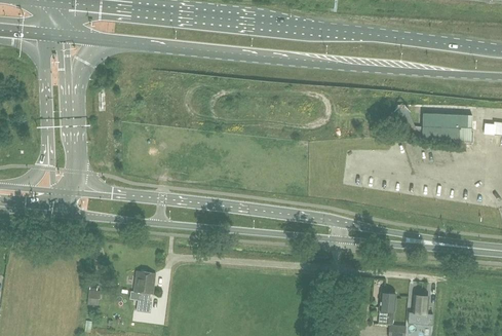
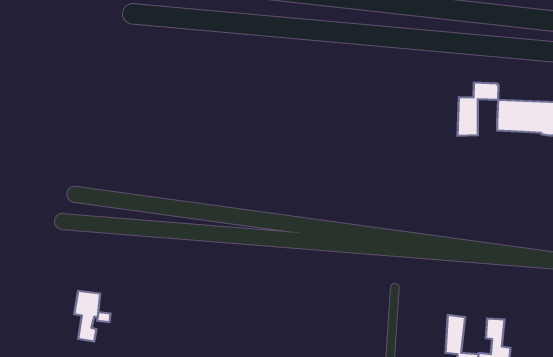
building: none -> [457,82,499,136]
building: [132,269,154,311] -> [74,291,100,341]

